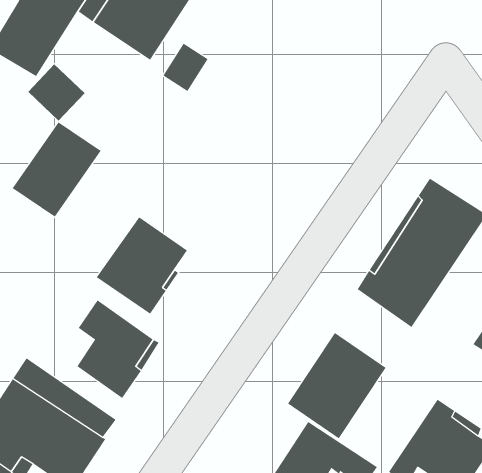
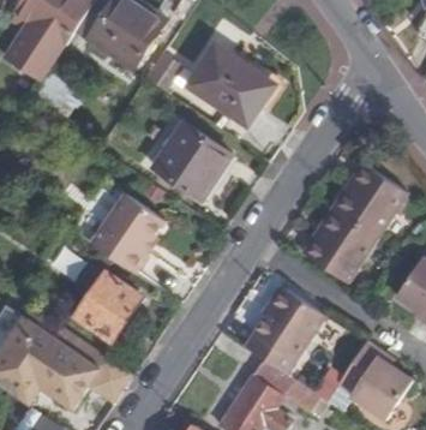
building: none -> [187,44,274,125]
building: [12,121,102,218] -> none
building: none -> [152,123,230,199]

